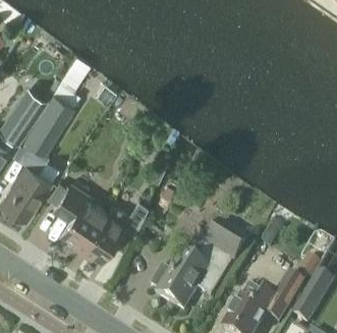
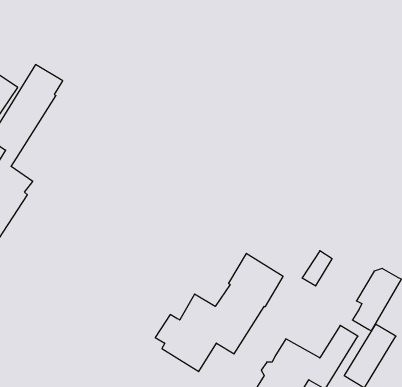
building: [55,176,148,253] -> none

